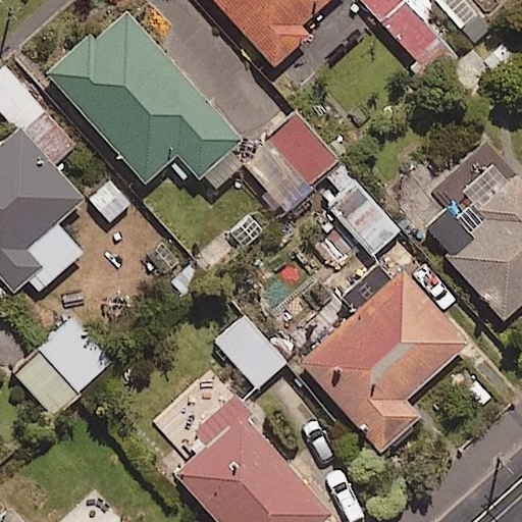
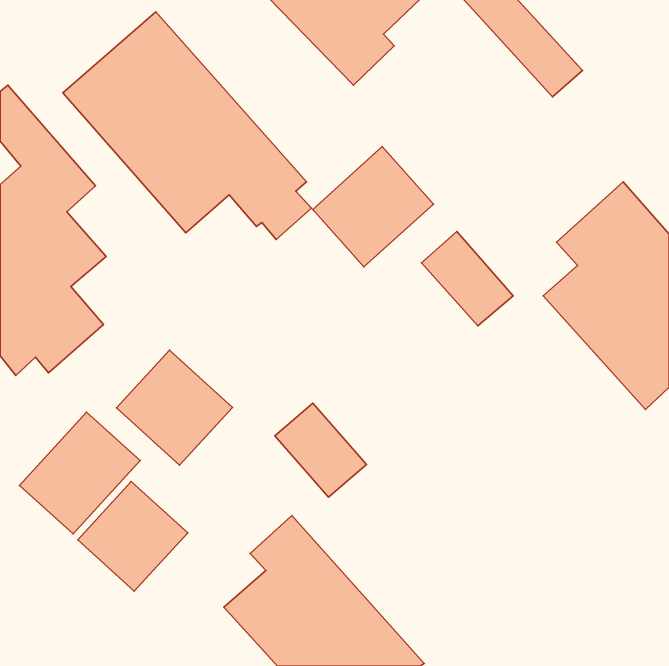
building: [300,272,465,452] -> none
building: none -> [116,350,232,465]
building: none -> [78,482,188,591]

